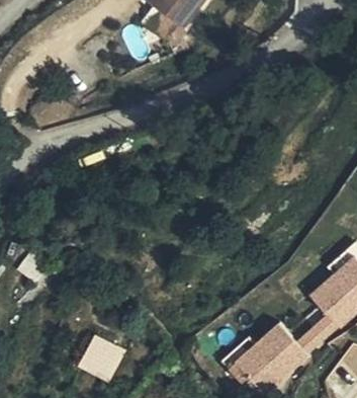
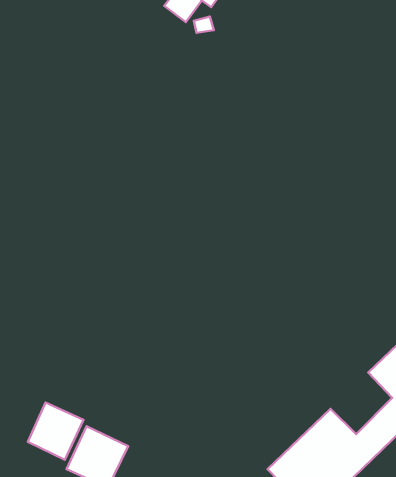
building: none -> [28,402,84,460]

